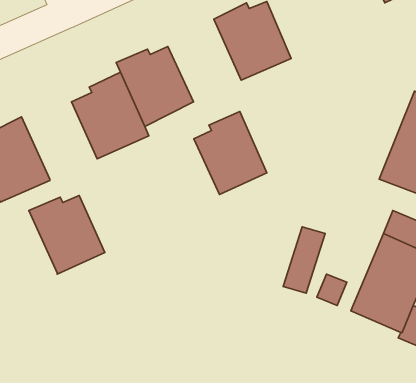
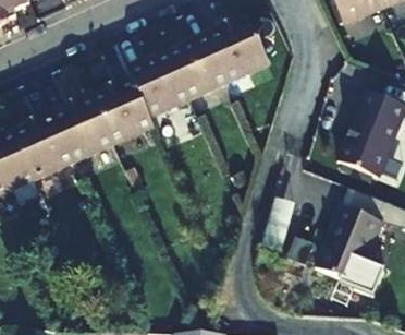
building: [194,112,267,194] -> [169,32,228,98]
building: [29,196,105,274] -> [51,98,112,161]

